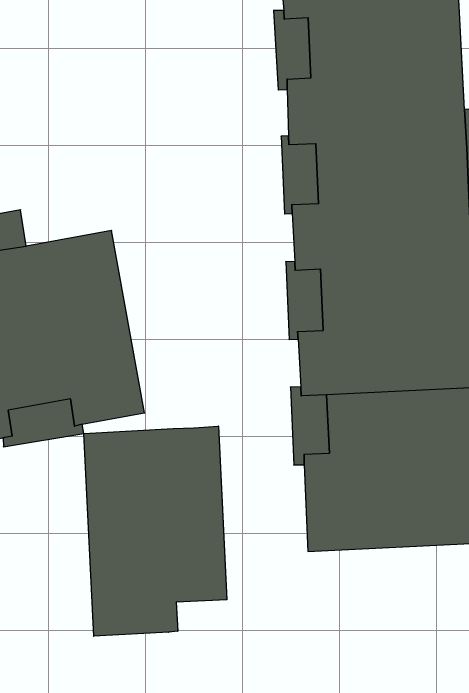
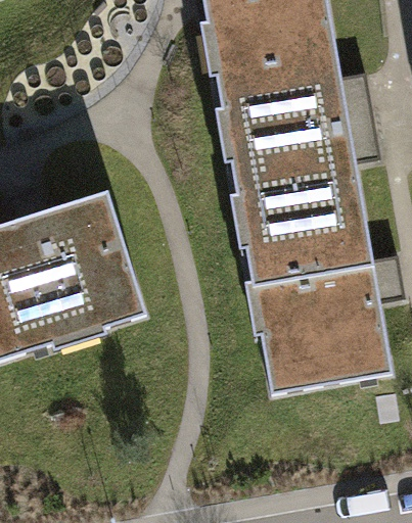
building: [84,426,227,636] -> none

